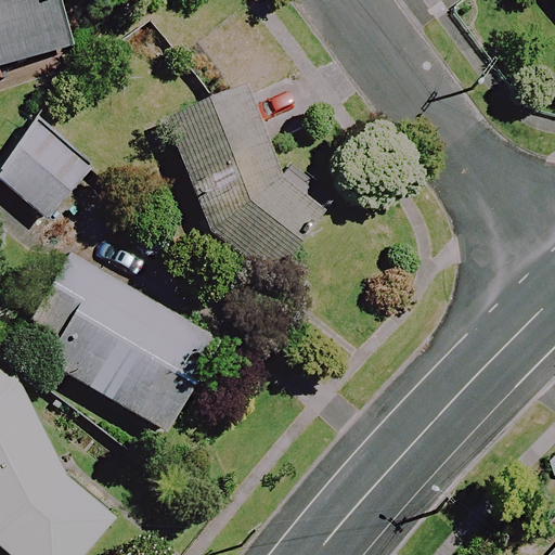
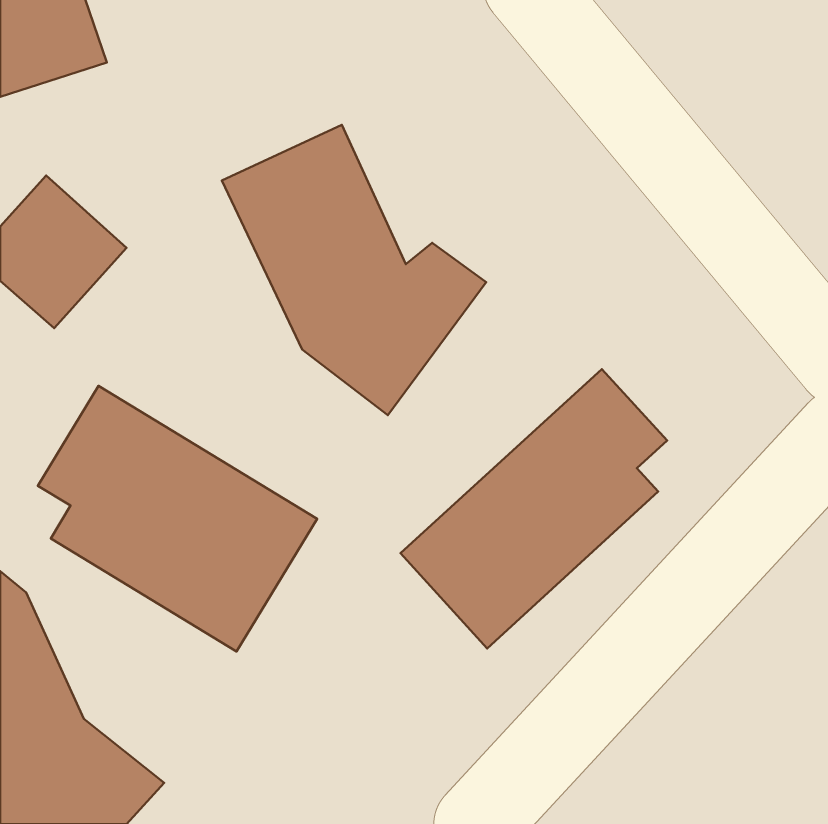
building: none -> [401,369,667,648]

